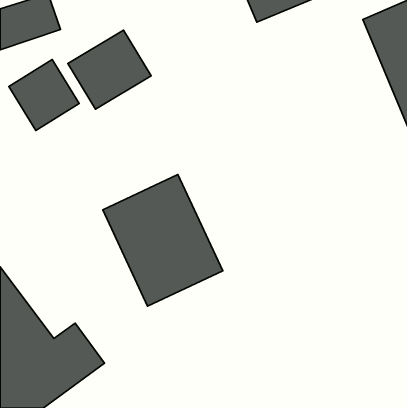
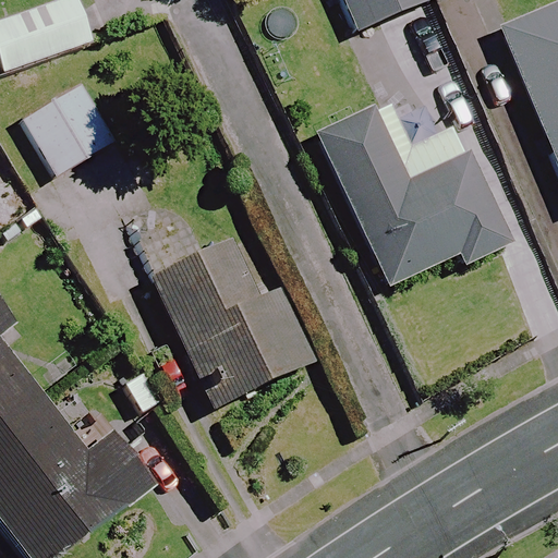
building: [68,30,151,109] -> none
building: none -> [315,99,514,287]

